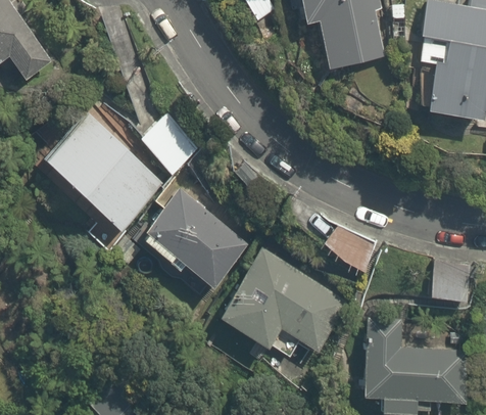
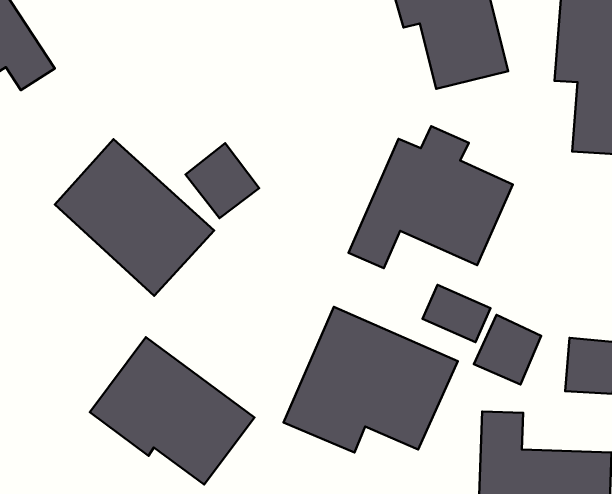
building: none -> [349,126,513,268]
building: [132,179,255,289] -> [90,337,255,484]
building: none -> [474,315,541,385]

